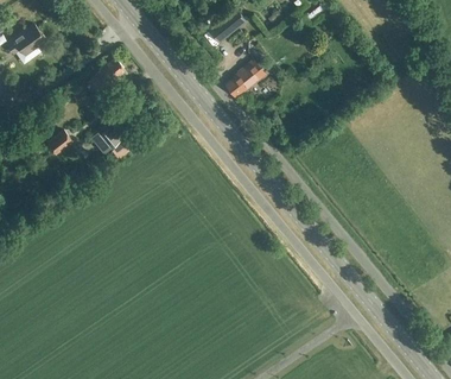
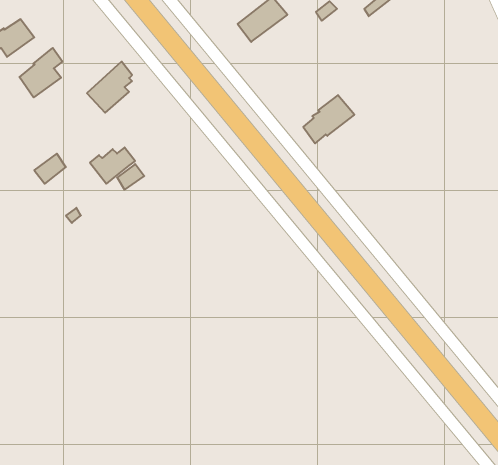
building: none -> [19,48,62,97]
building: [224,61,265,99] -> [303,95,354,143]

